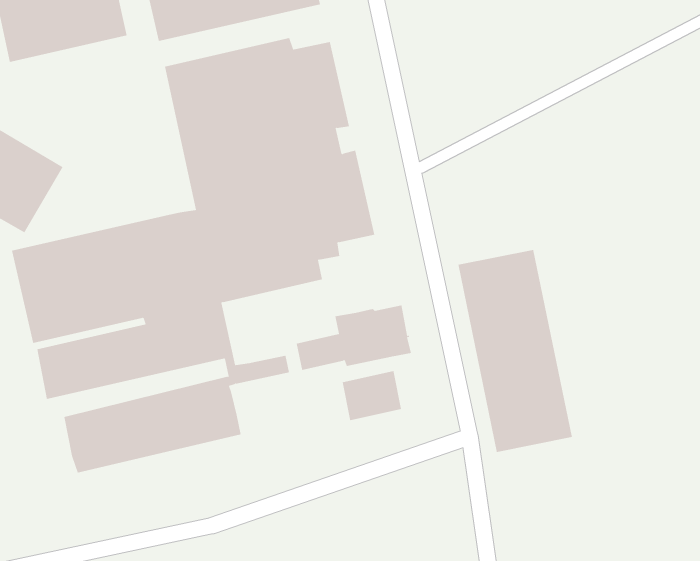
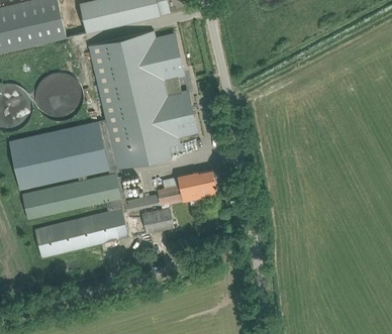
building: none -> [34,72,85,123]
building: [458,249,572,453] -> none
building: [342,370,402,421] -> [141,209,173,235]

